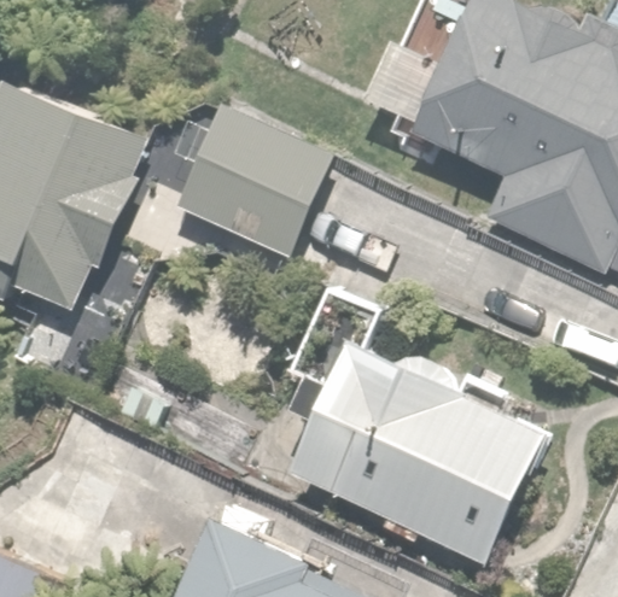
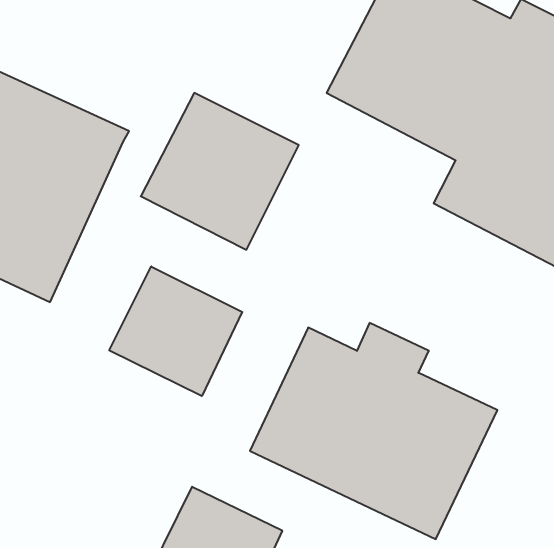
building: none -> [109,266,242,396]

